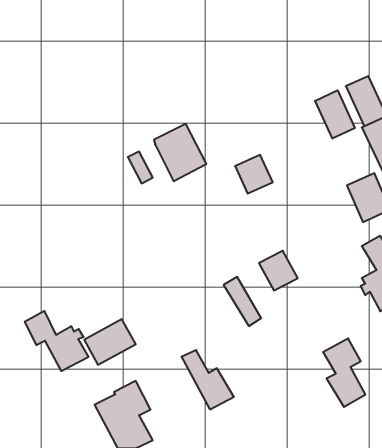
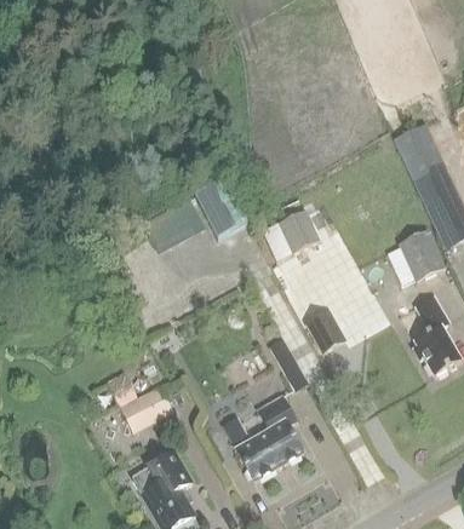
building: [315,90,355,139] -> none
building: [25,311,88,371] -> none
building: [323,338,365,407] -> [256,392,300,465]

